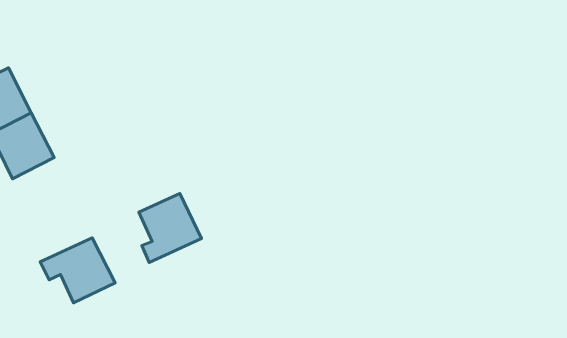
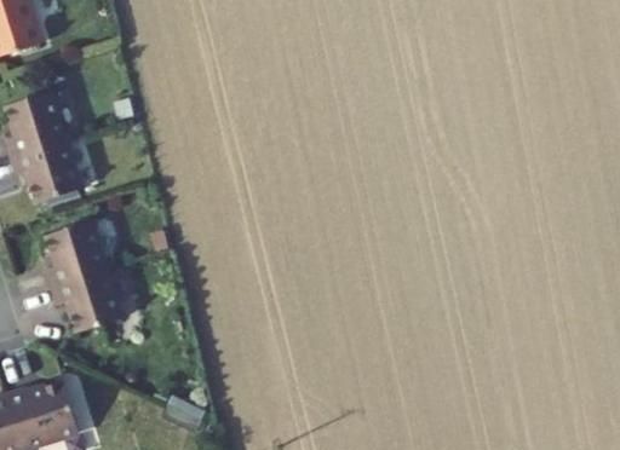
building: [139,194,201,263] -> [47,223,108,287]

